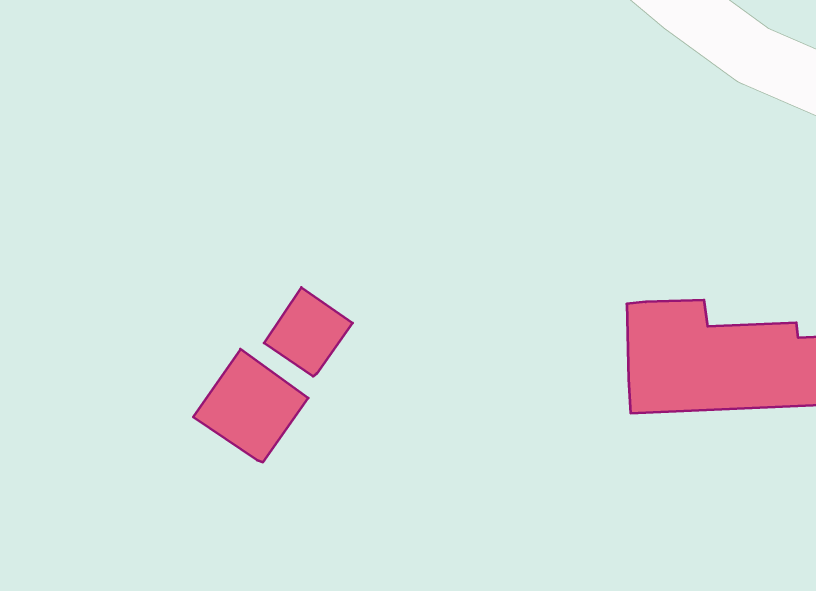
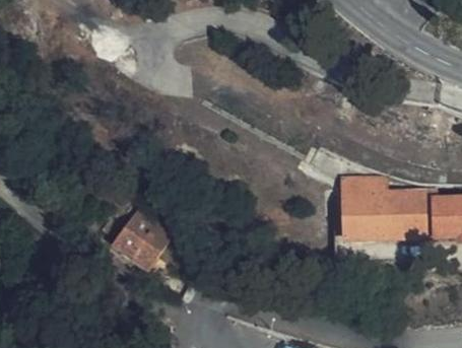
building: [264,287,353,376] -> none

